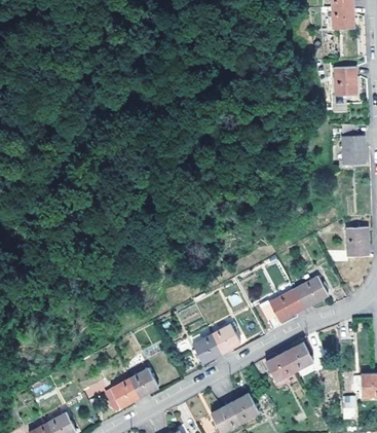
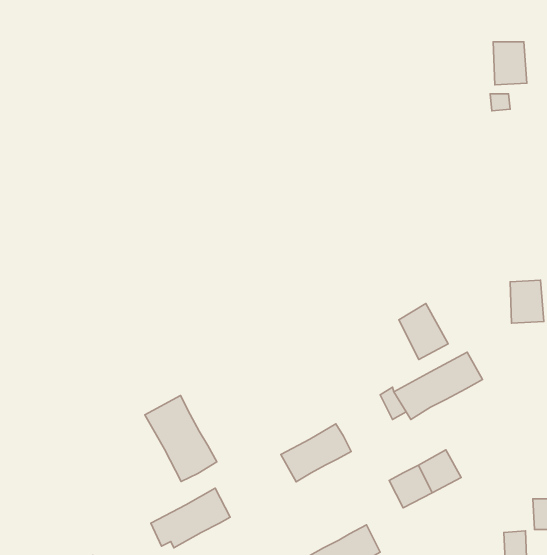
building: [342,124,365,164] -> none
building: none -> [399,304,448,360]
building: none -> [145,395,217,481]

